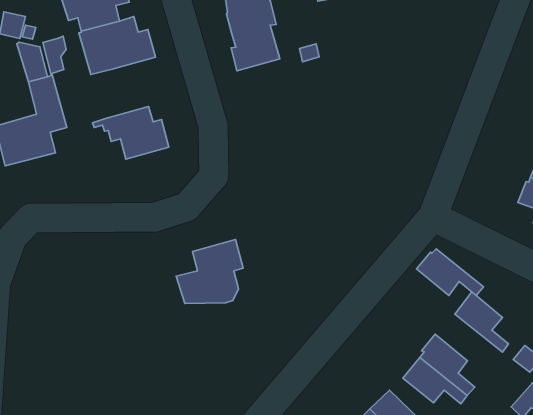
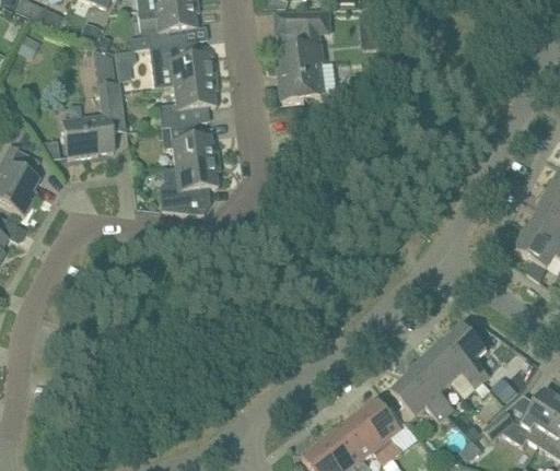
building: none -> [158,76,215,125]
building: [176,239,243,304] -> [156,157,217,212]
building: [417,249,484,295] -> [425,339,482,385]

